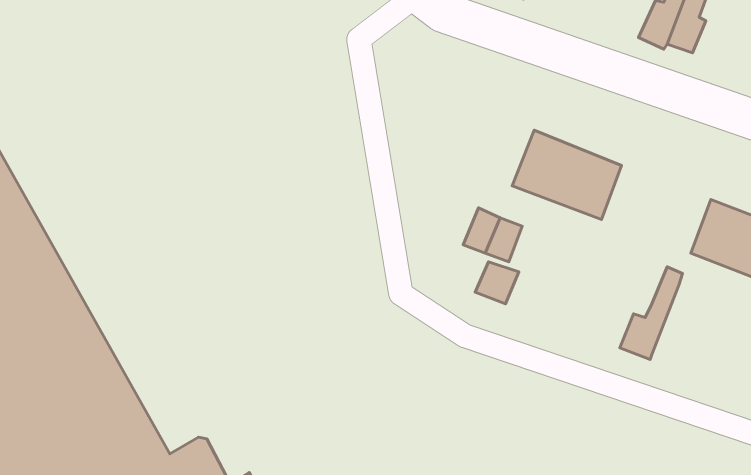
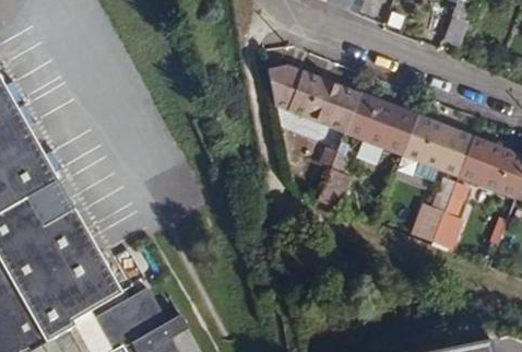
building: none -> [266,67,356,131]
building: none -> [400,118,471,175]
building: none -> [432,196,464,249]

